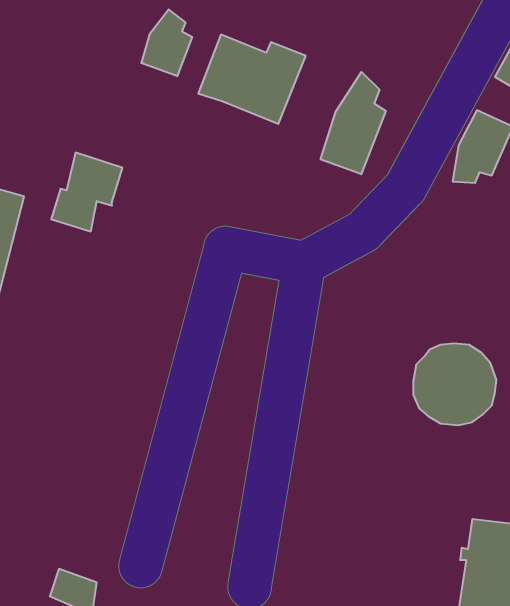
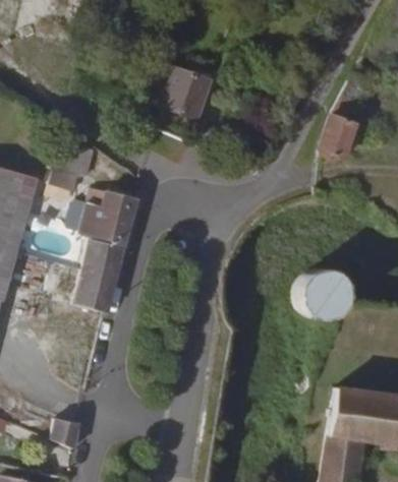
building: [141,9,192,76] -> none
building: [321,72,386,174] -> none
building: none -> [77,185,139,313]

